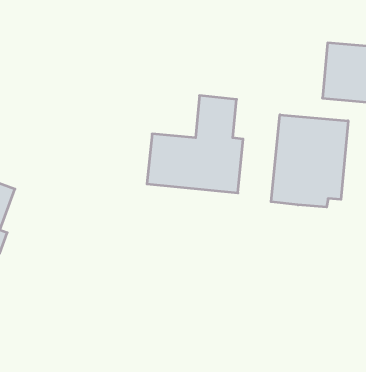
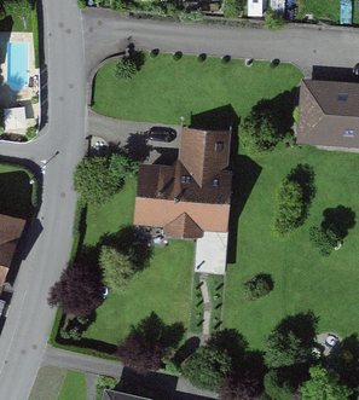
building: [271,115,348,207] -> none

